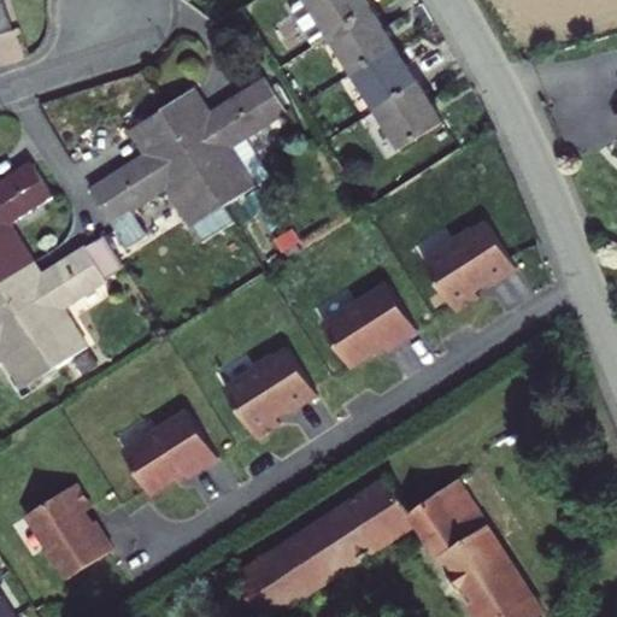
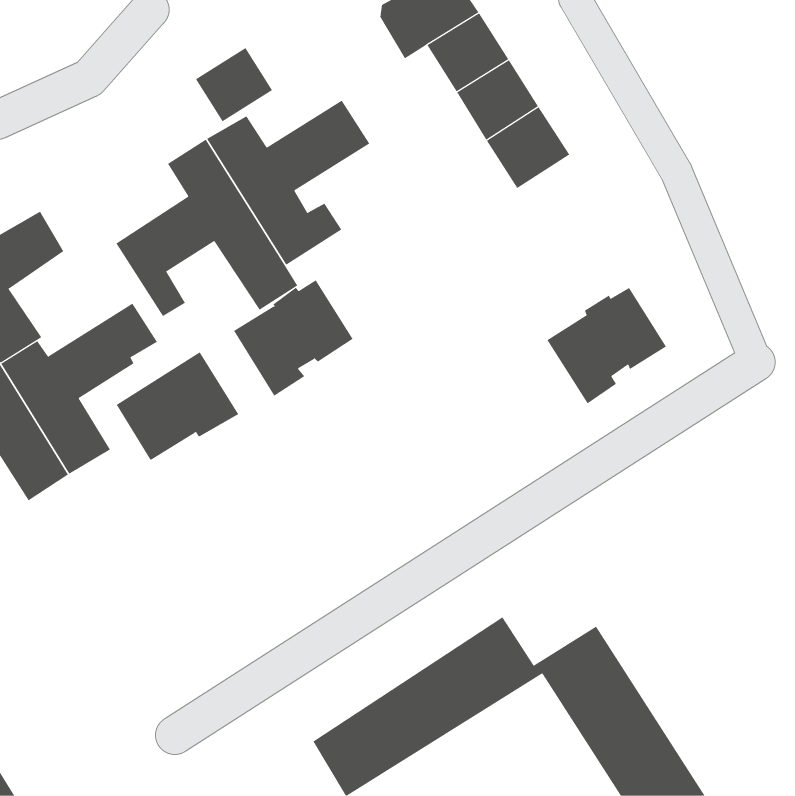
building: none -> [195,47,273,122]
building: [321,283,416,368] -> none
building: [222,348,315,439] -> [233,279,354,396]
building: [121,410,216,494] -> [116,352,239,461]
building: [23,483,111,578] -> none

